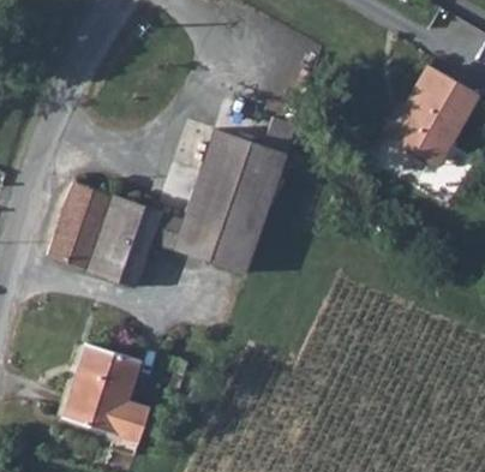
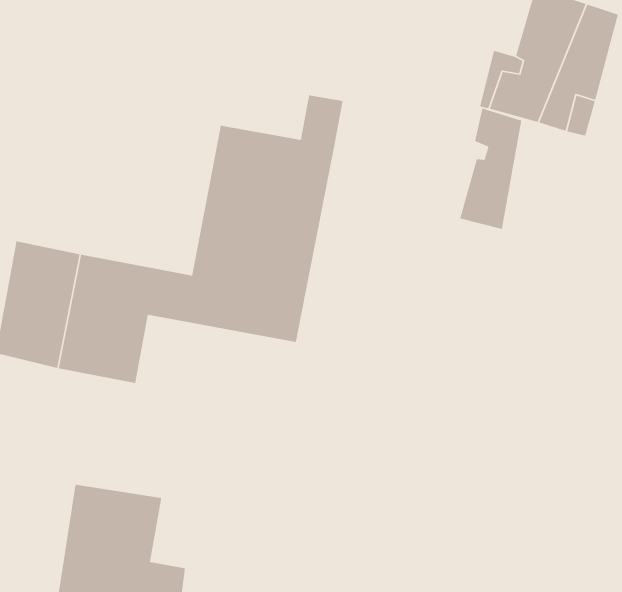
building: none -> [459,108,522,230]

